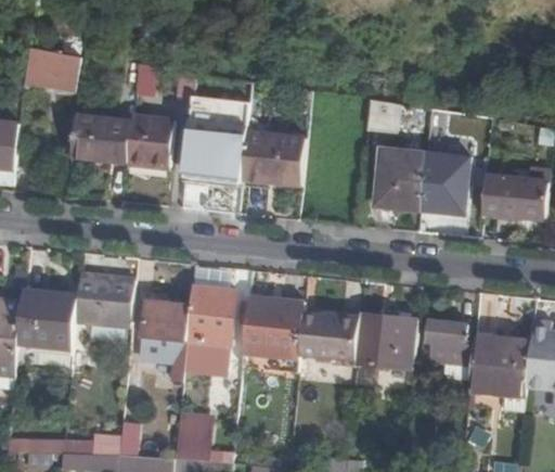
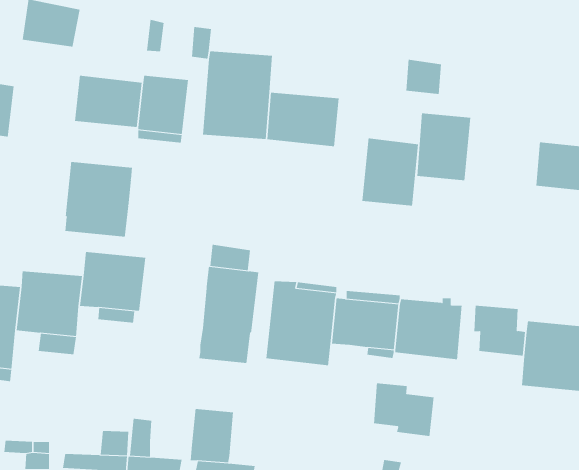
building: [418,153,469,214] -> [362,138,419,206]
building: none -> [65,161,132,237]
building: [139,302,188,381] -> none
building: none -> [374,383,434,437]

